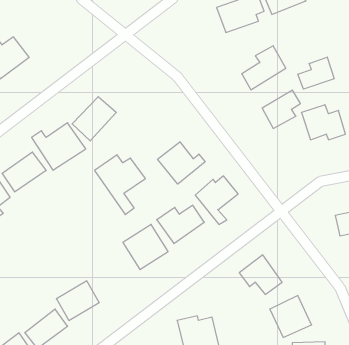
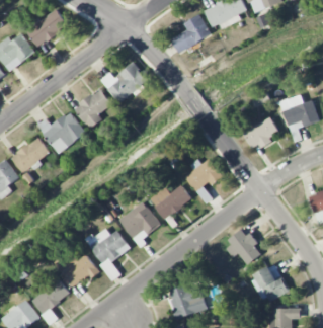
building: none -> [25,7,68,46]
building: [242,46,286,90] -> [171,13,211,53]
building: [298,57,334,89] -> none
building: none -> [99,62,149,102]
building: [262,90,300,128] -> [243,116,277,151]
building: [158,142,205,184] -> none
building: [95,155,145,215] -> [85,227,131,280]

